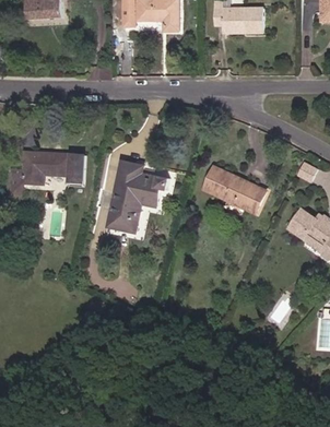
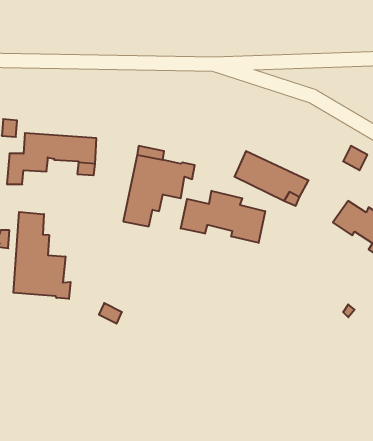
building: none -> [181,191,265,243]
building: none -> [13,212,71,299]

